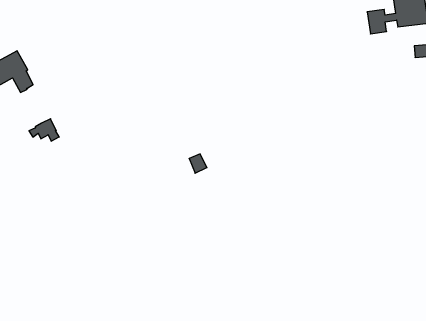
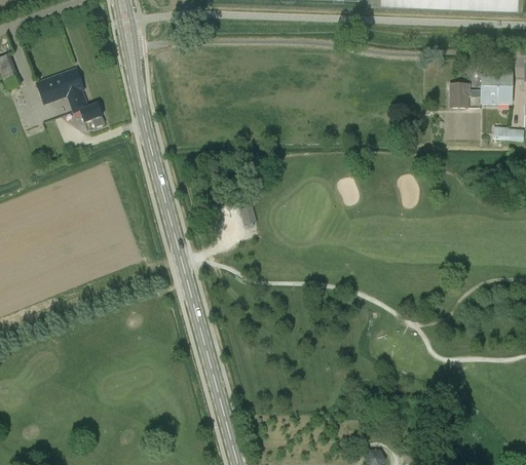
building: [29,119,59,141] -> [73,104,104,127]

